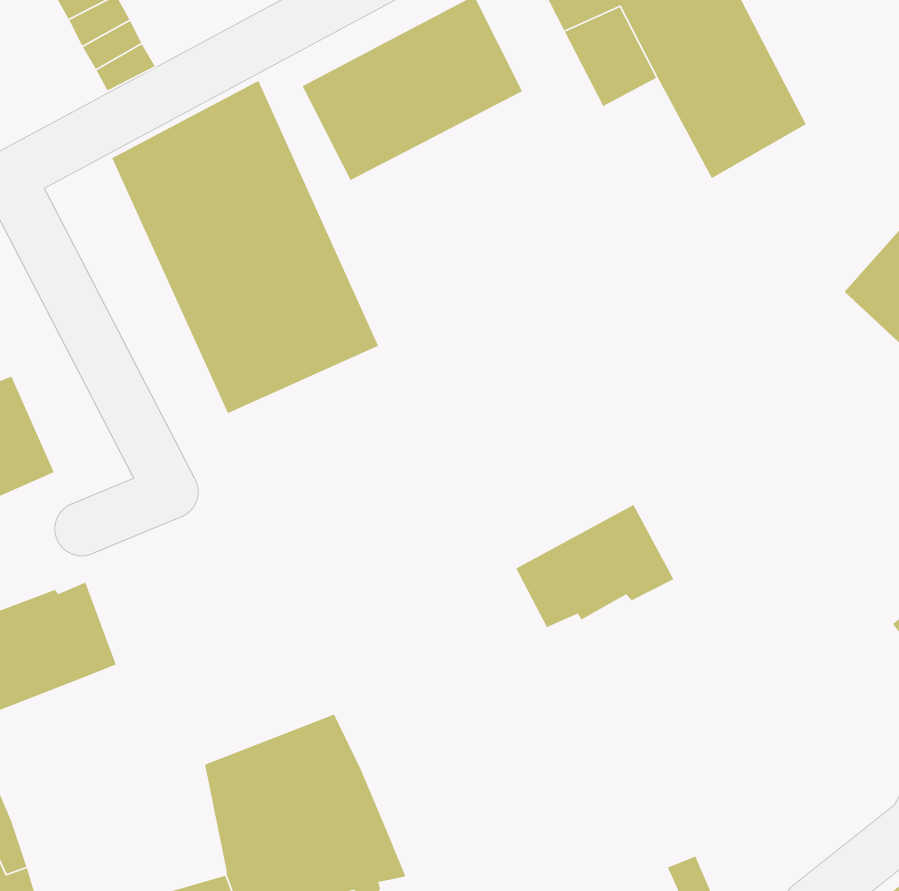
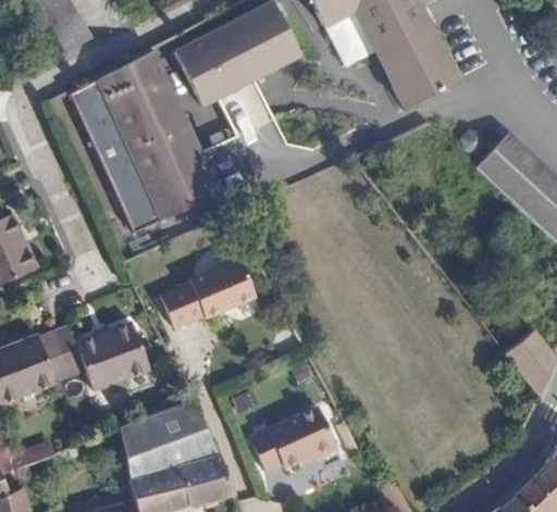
building: none -> [162,259,256,329]
building: [515,504,675,628] -> [255,410,344,479]
building: none -> [53,322,150,391]

